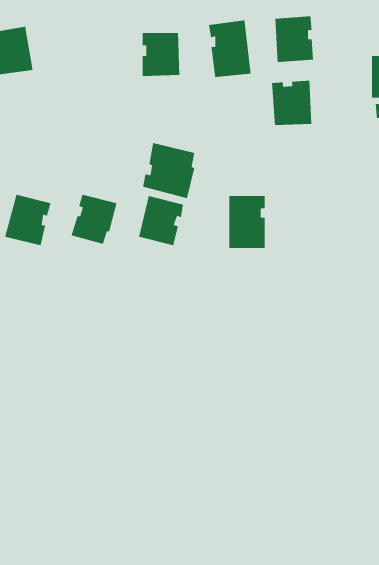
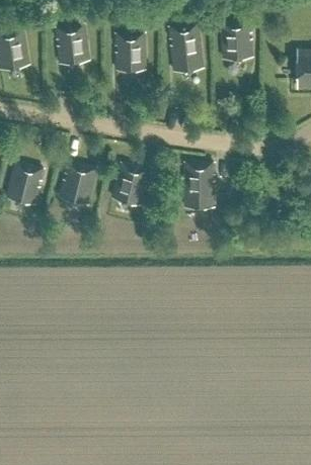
building: none -> [56,26,89,65]
building: [271,80,312,126] -> none
building: [142,142,195,199] -> none

